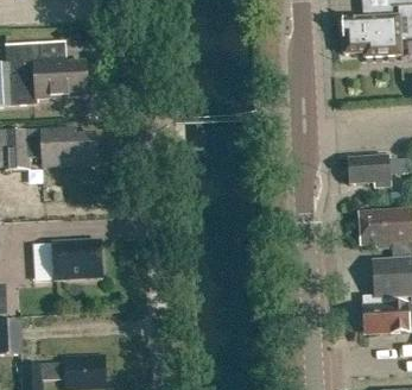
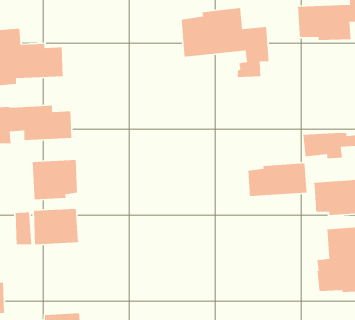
building: none -> [181,7,269,78]
building: none -> [32,159,78,200]
building: none -> [248,162,307,197]

